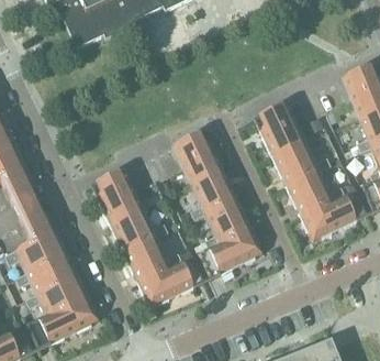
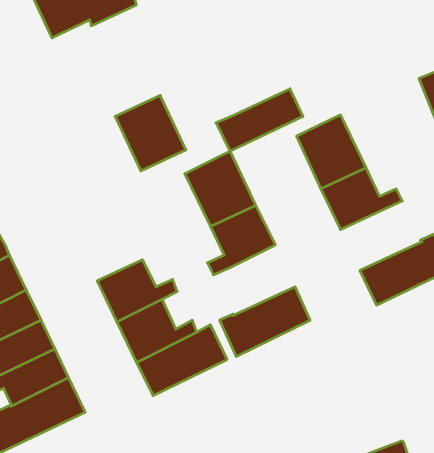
building: none -> [216,89,303,151]
building: [89,167,141,222] -> [115,95,186,171]
building: [284,169,344,215] -> none
building: [202,196,252,248] -> none

